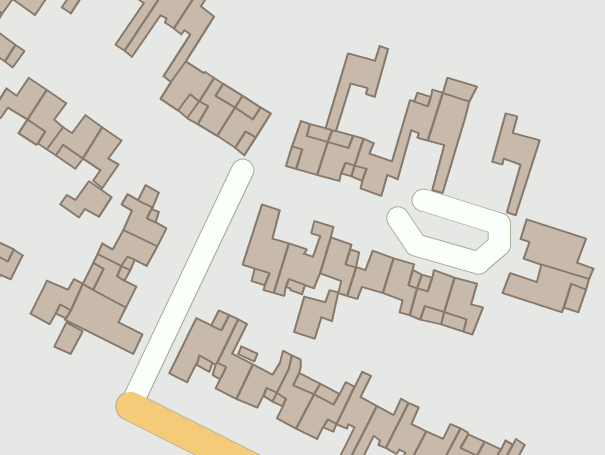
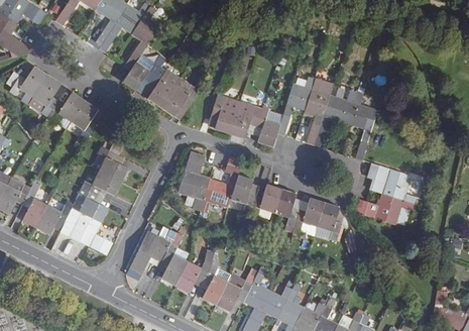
building: [326,46,388,131] -> [314,89,356,146]
building: [60,181,112,217] -> none
building: none -> [22,187,46,226]
building: [294,290,338,339] -> none

